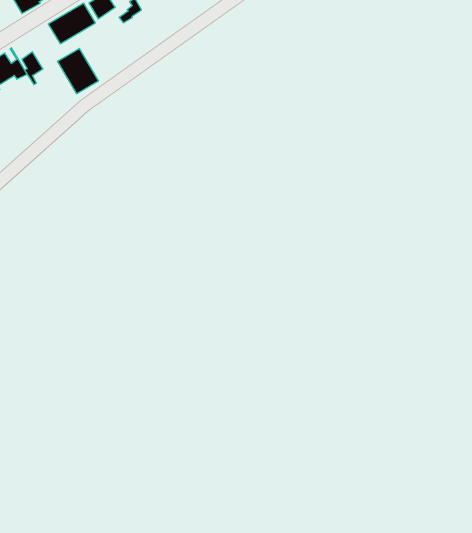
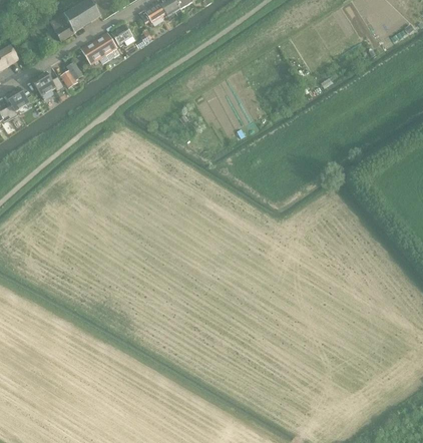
building: [58,48,98,94] -> none

